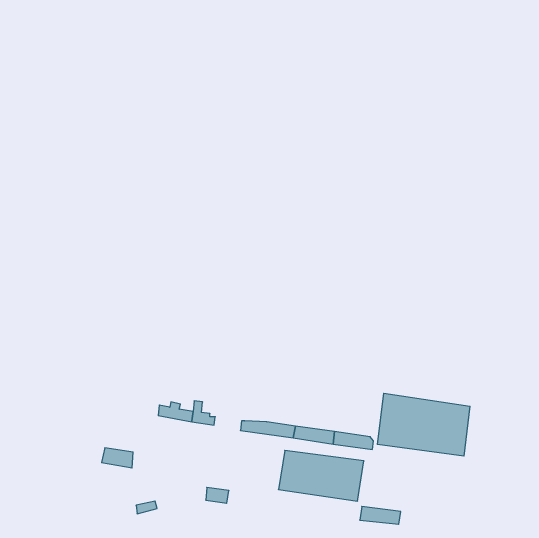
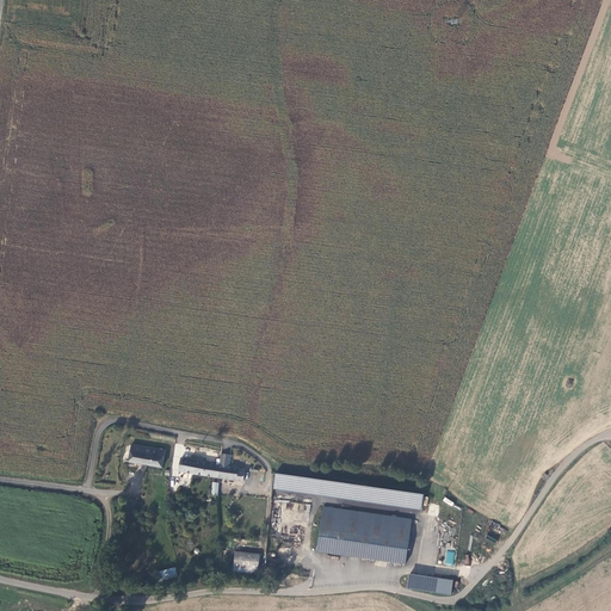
building: [377,393,470,456] -> none
building: [102,448,133,468] -> [128,445,163,468]

